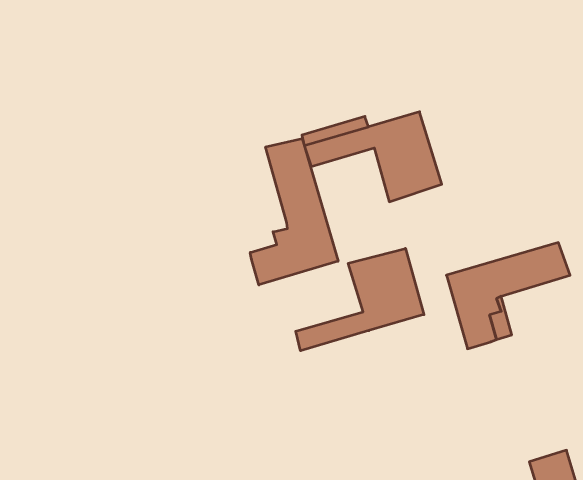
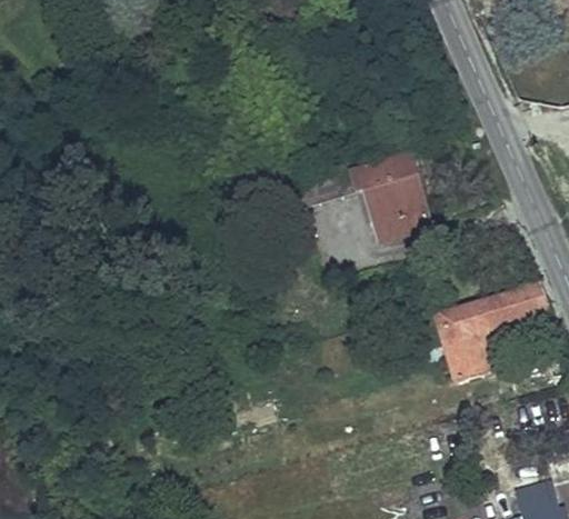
building: [250,139,338,285] -> none
building: [296,248,424,351] -> none

